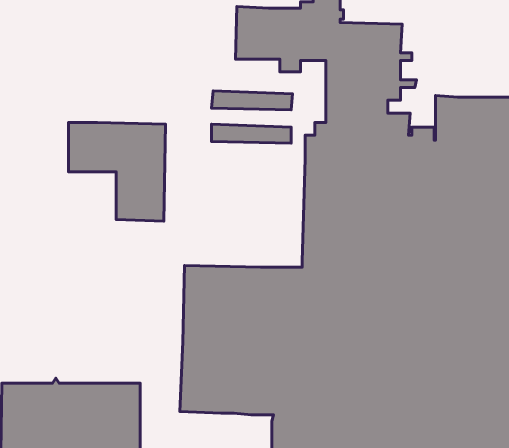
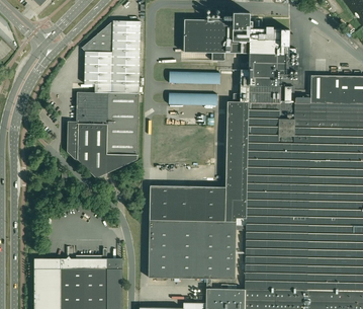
building: none -> [81,21,140,93]
building: none -> [68,123,137,178]

